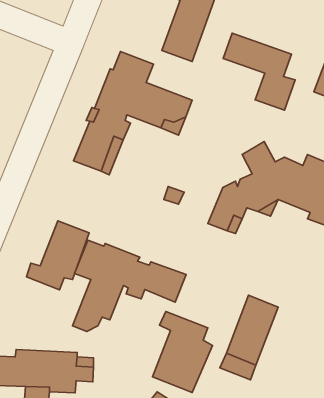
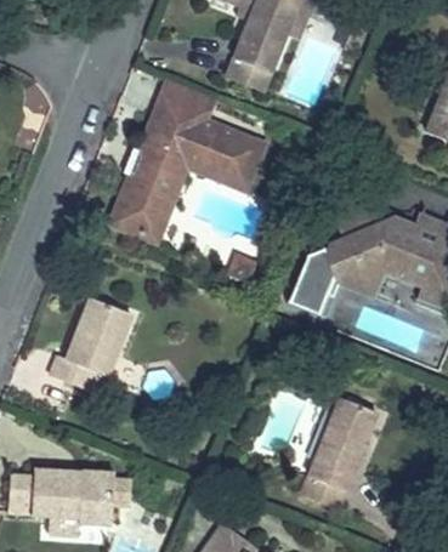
building: [223,33,295,110] -> none
building: [72,240,186,332] -> none
building: [153,312,212,392] -> none

